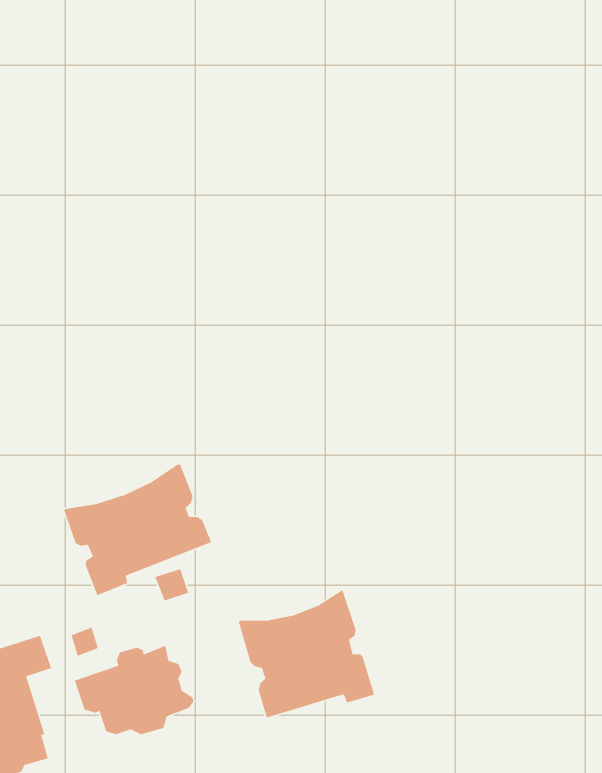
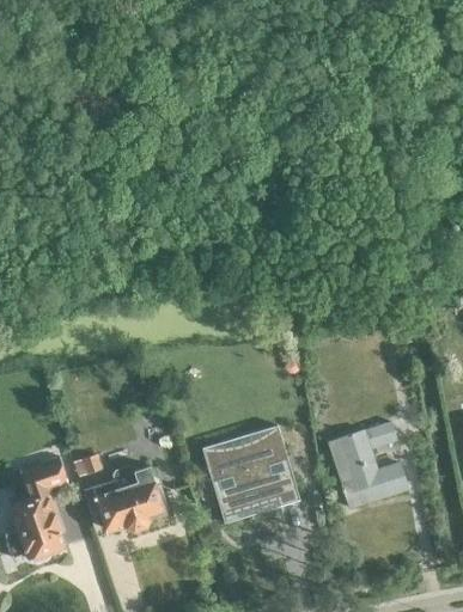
building: [63,464,212,596] -> none
building: none -> [328,423,409,506]

